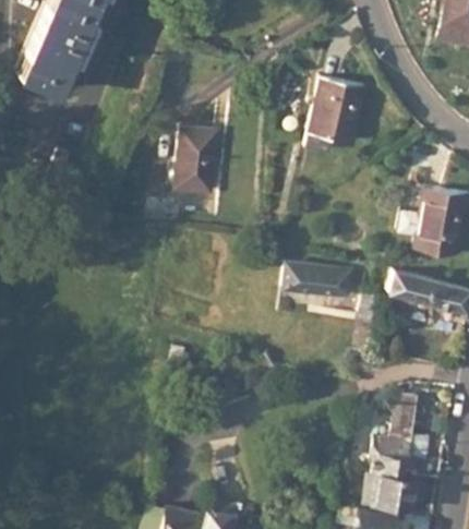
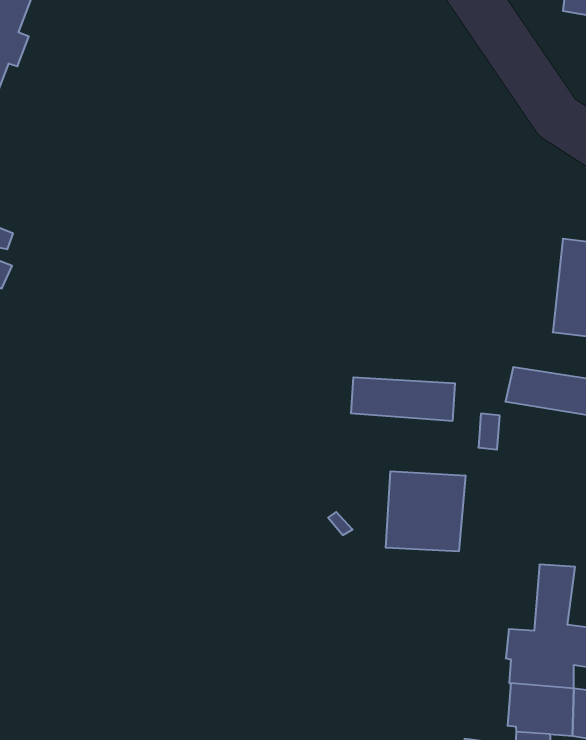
building: [309,76,368,151] -> none
building: [175,133,218,196] -> none
building: none -> [386,471,465,551]

